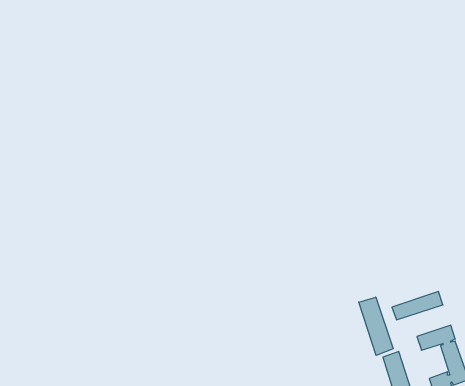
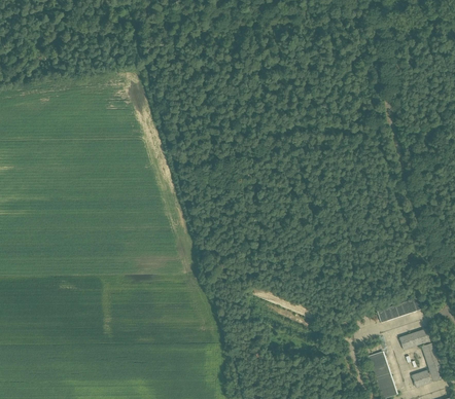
building: [359,297,393,355] -> none

